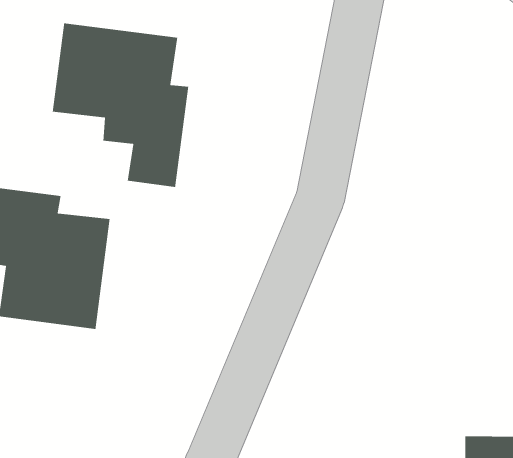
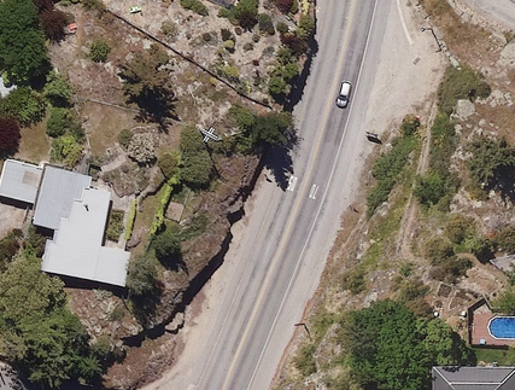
building: [52,22,189,188] -> none

